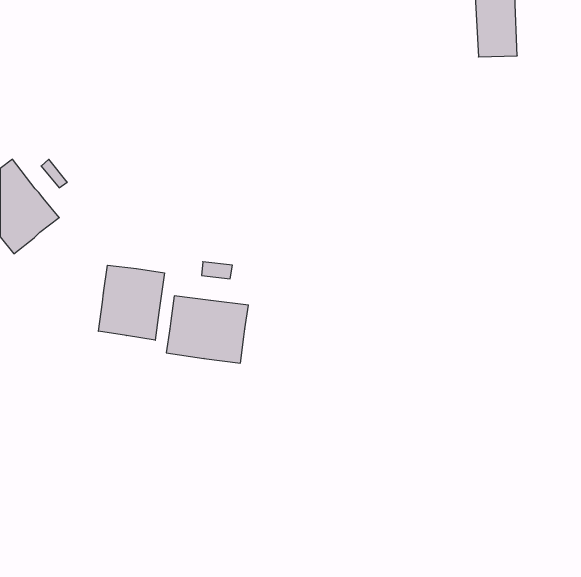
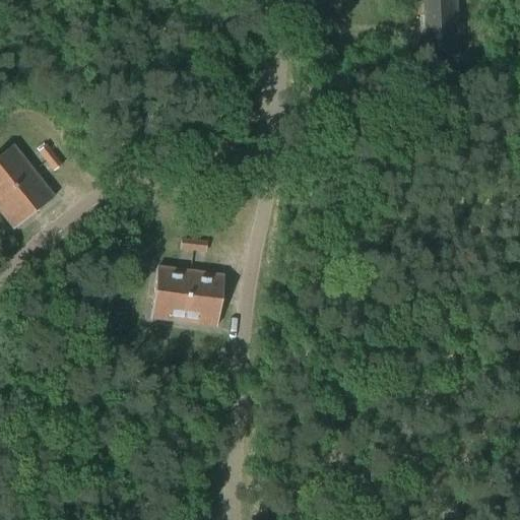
building: [98,265,164,340] -> none

